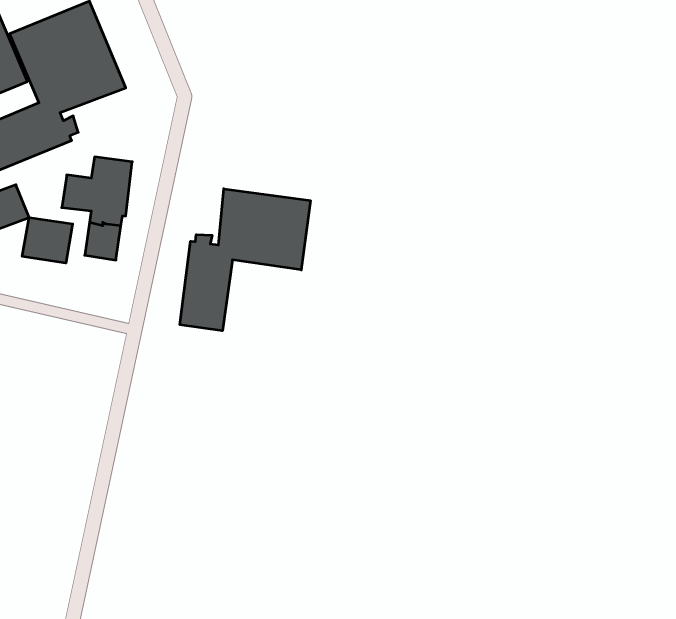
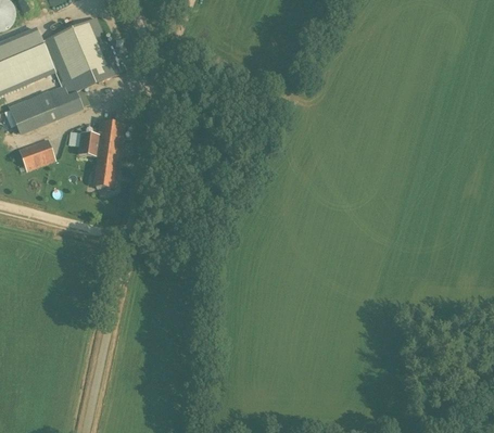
building: [180,189,310,331] -> none
building: [22,217,73,263] -> none

